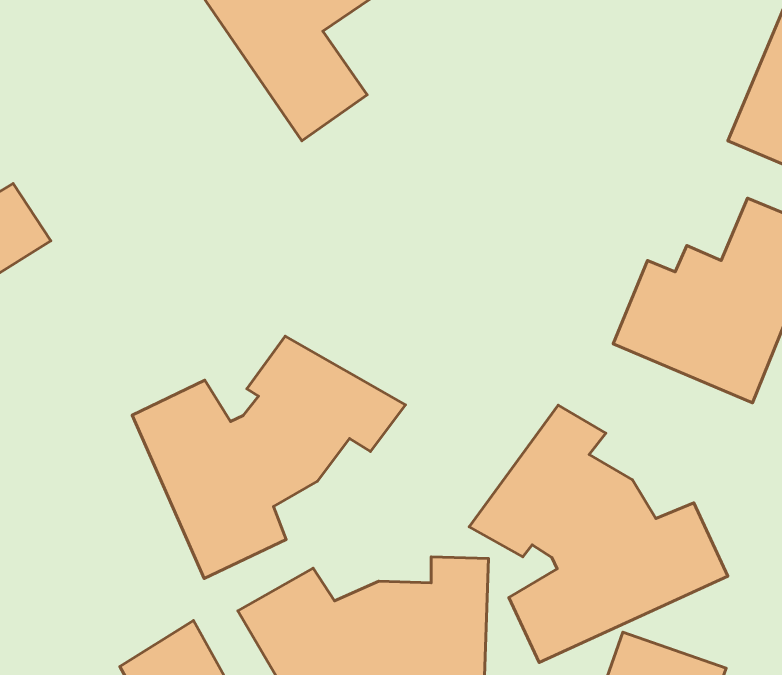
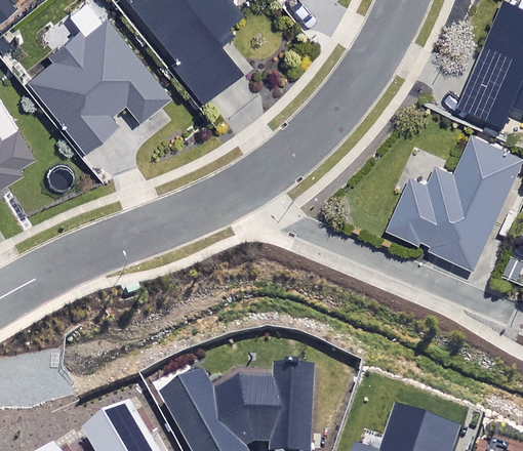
building: none -> [25,16,168,148]
building: [132,336,406,579] -> none
building: [469,405,728,662] -> none

